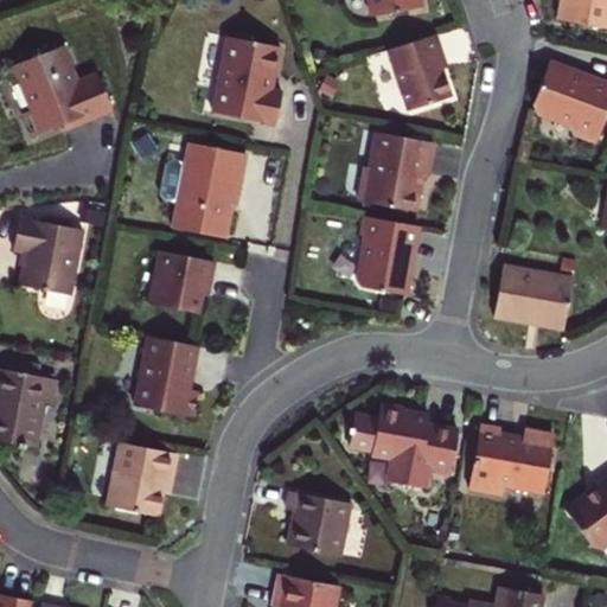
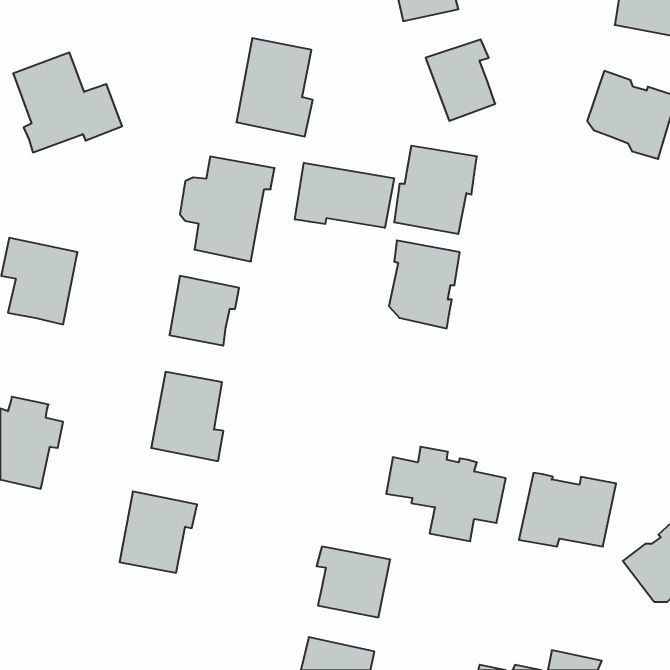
building: none -> [295,163,394,228]
building: [493,263,573,326] -> none

